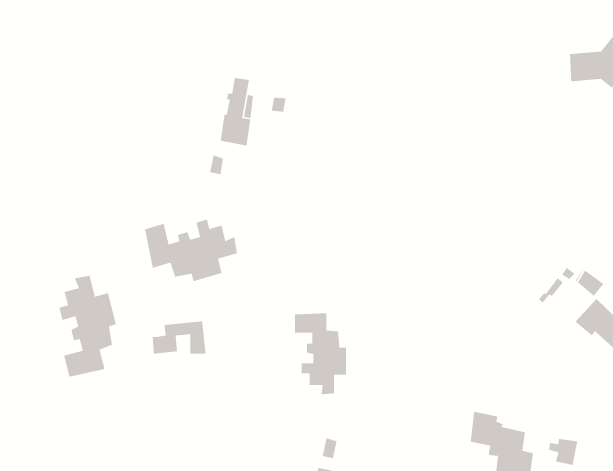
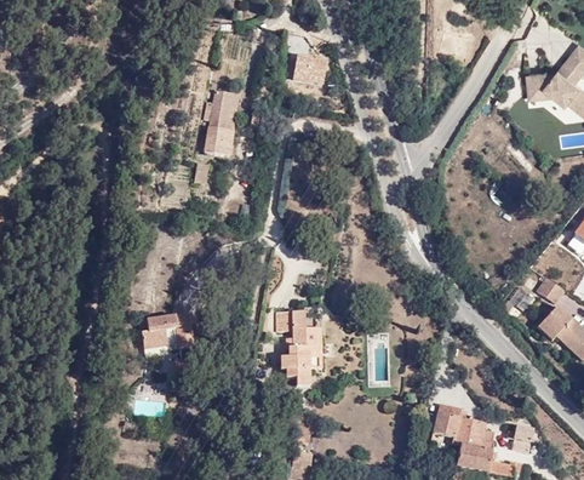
building: none -> [290,52,326,84]
building: [144,219,238,282] -> none
building: [58,275,117,378] -> none

